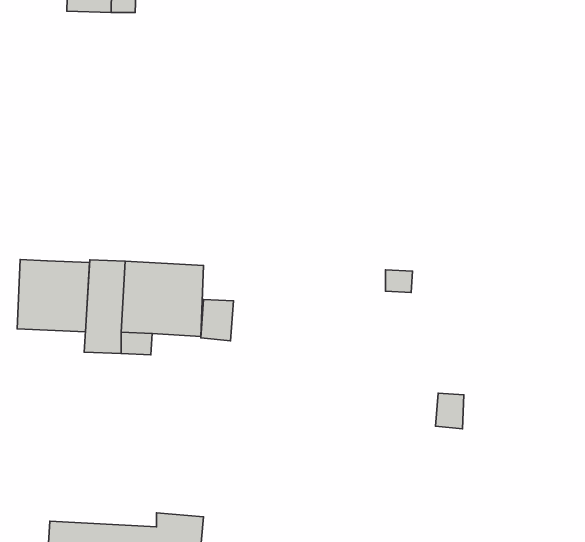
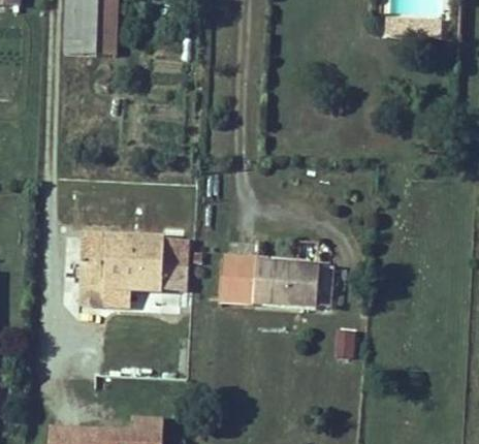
building: [17,259,89,332] -> none
building: none -> [228,255,323,308]

